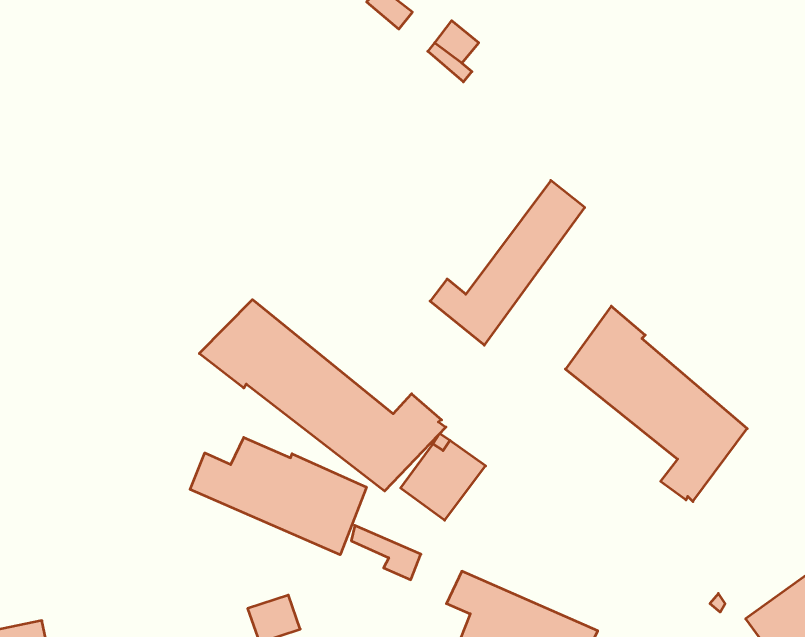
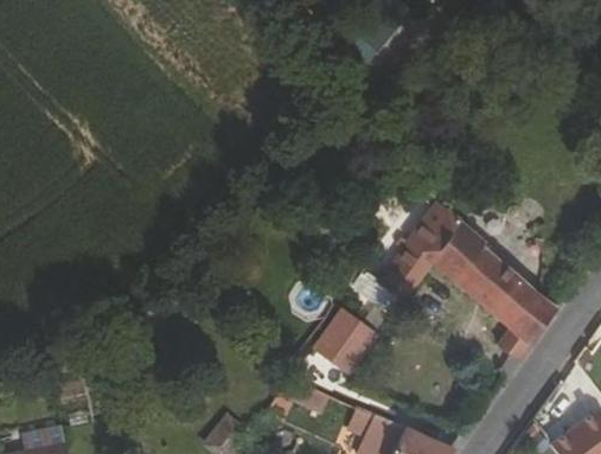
building: [430,180,585,345] -> [354,203,462,318]
building: [199,300,446,491] -> none
building: [190,437,366,555] -> none

